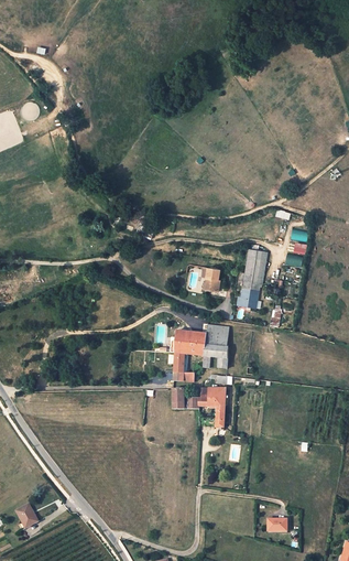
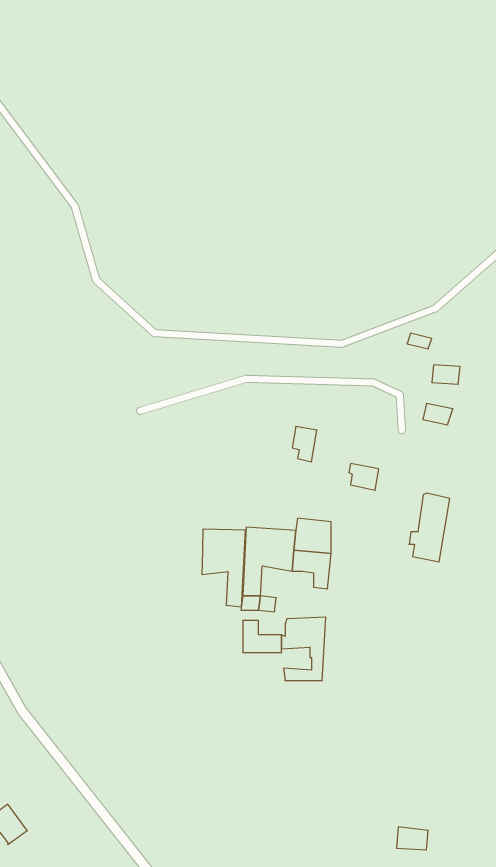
building: [239,248,264,291] -> [409,493,450,562]
building: none -> [202,529,245,607]

